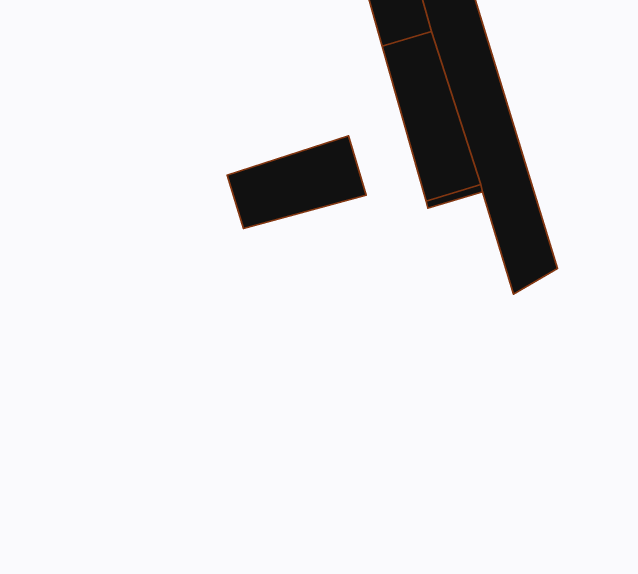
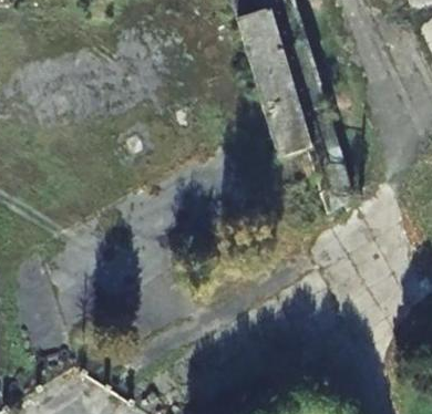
building: [227,136,366,229] -> none

